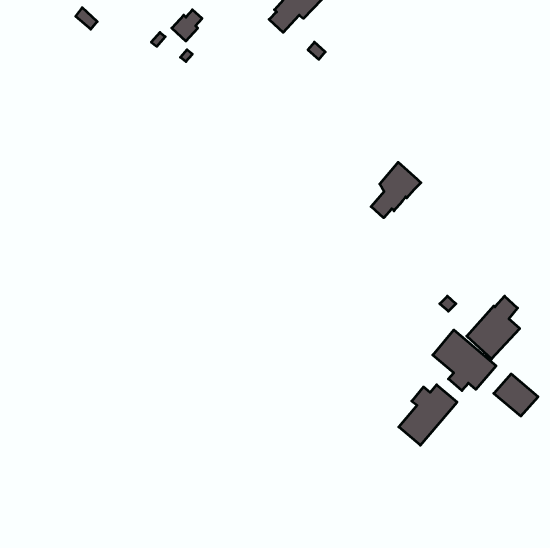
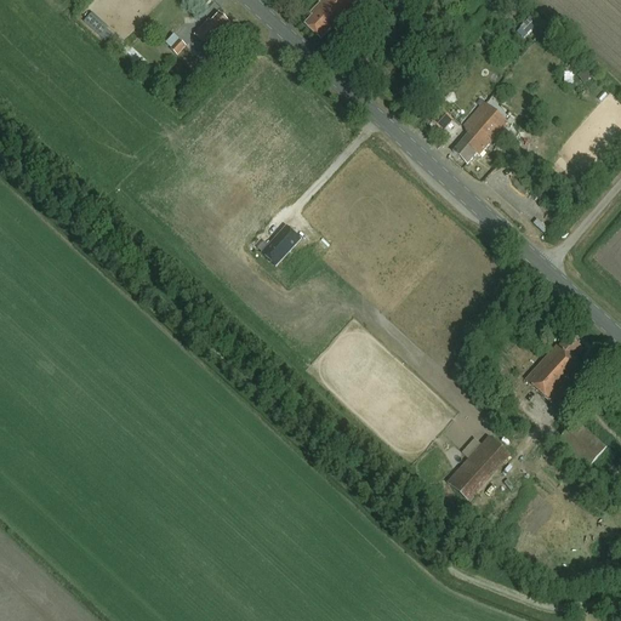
building: [371,162,421,217] -> [451,99,507,161]
building: none -> [258,223,300,264]
building: [433,330,496,391] -> none

